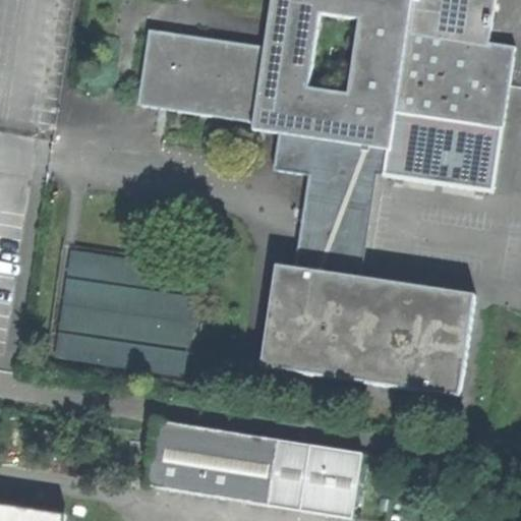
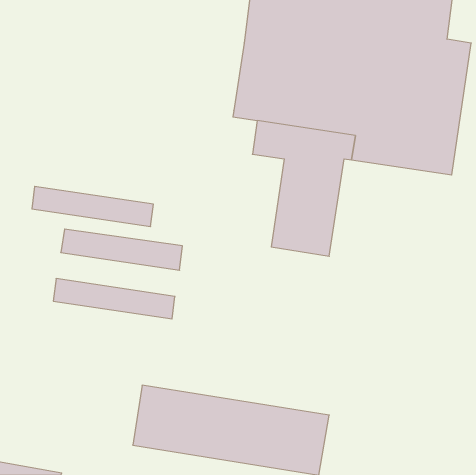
building: [138,30,266,120] -> none
building: [264,267,474,395] -> none
building: [62,277,194,321] -> [32,186,153,227]
building: [53,331,186,374] -> none

